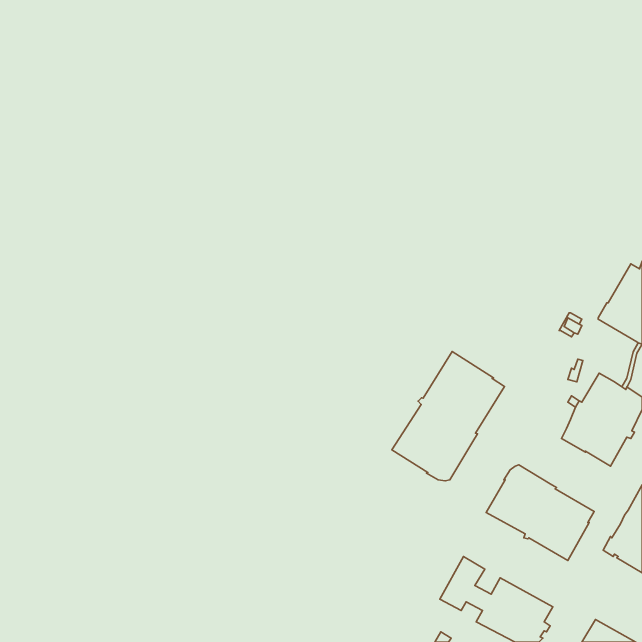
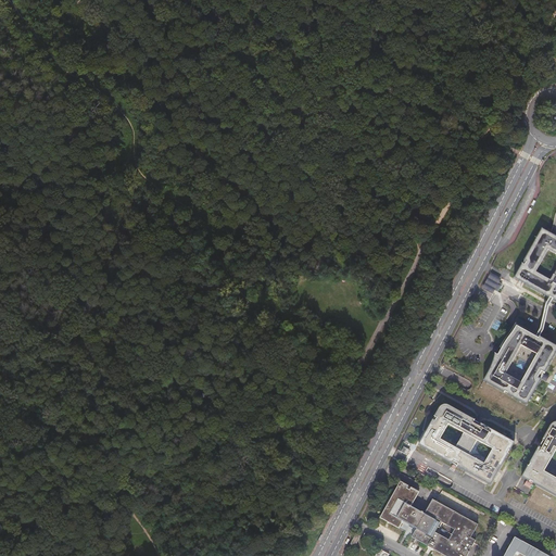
building: [392,351,504,481] -> none

